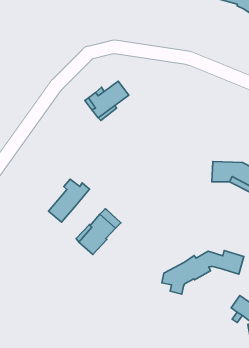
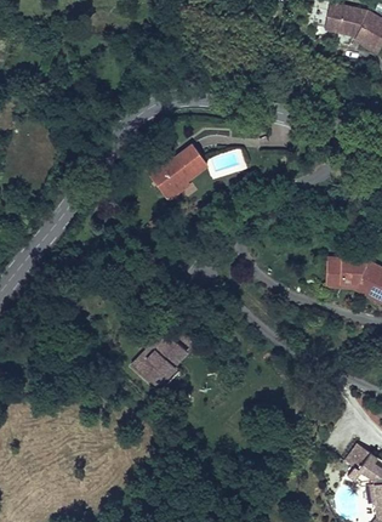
building: [49,179,89,222] -> none
building: [162,251,244,294] -> none

